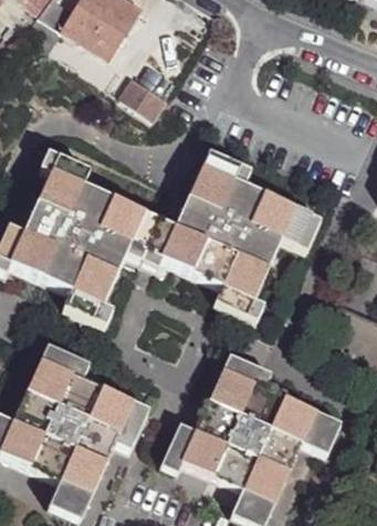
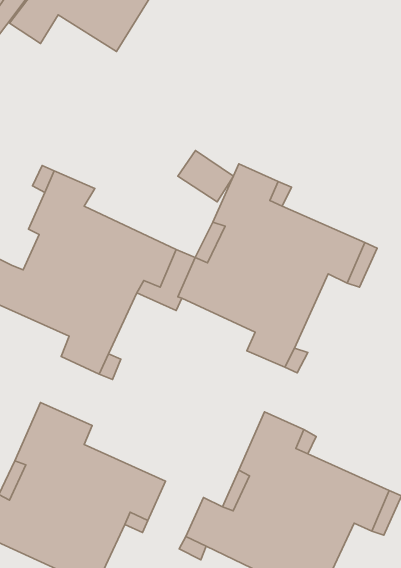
building: [122,77,167,119] -> [178,150,233,202]

